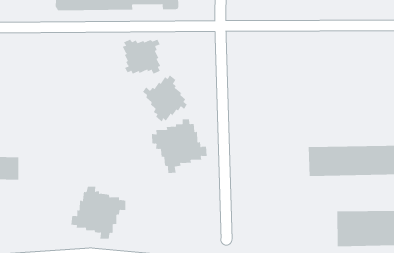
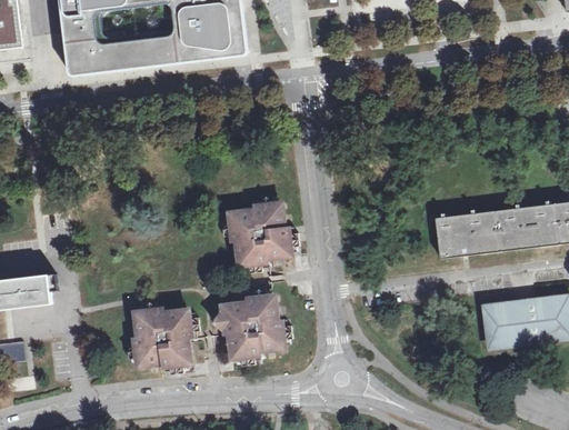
building: [122,39,161,74] -> none
building: [142,74,187,123] -> none
building: none -> [217,288,292,363]

